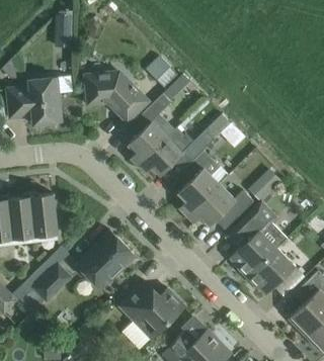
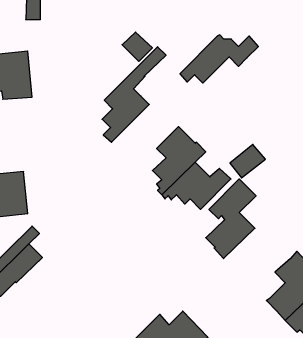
building: [82,70,150,123] -> none
building: [138,128,214,175] -> [180,35,258,83]
building: [75,231,135,290] -> none
building: [246,249,295,295] -> none
building: [118,281,184,340] -> none

